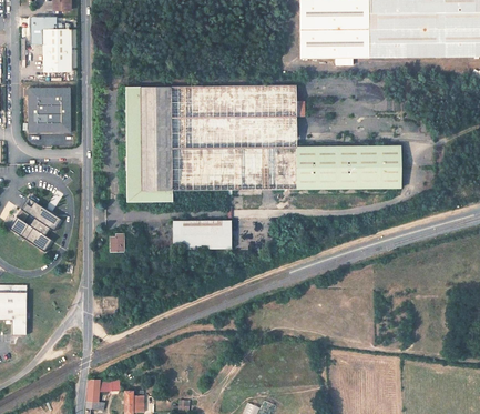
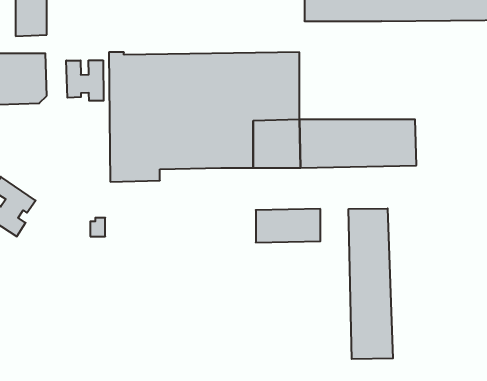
building: none -> [66,60,104,101]
building: [173,220,231,250] -> [256,209,320,242]
building: none -> [349,208,393,359]

